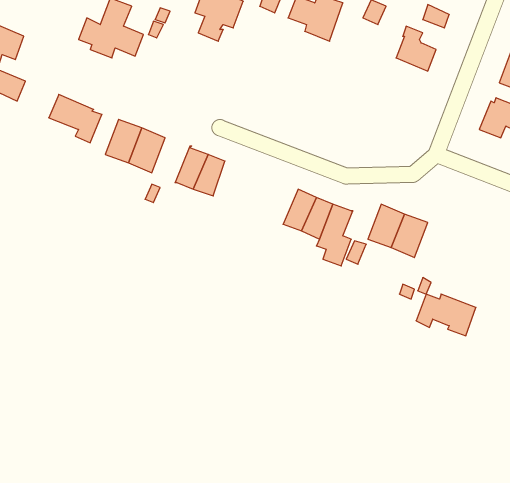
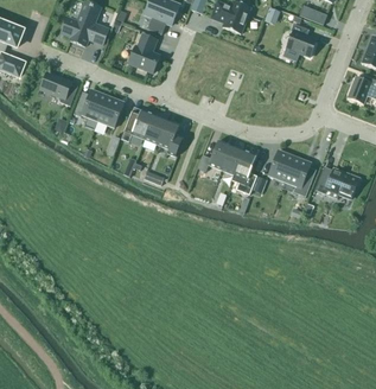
building: none -> [128,33,159,72]
building: none -> [158,119,183,155]
building: [416,294,476,336] -> [316,168,358,198]

